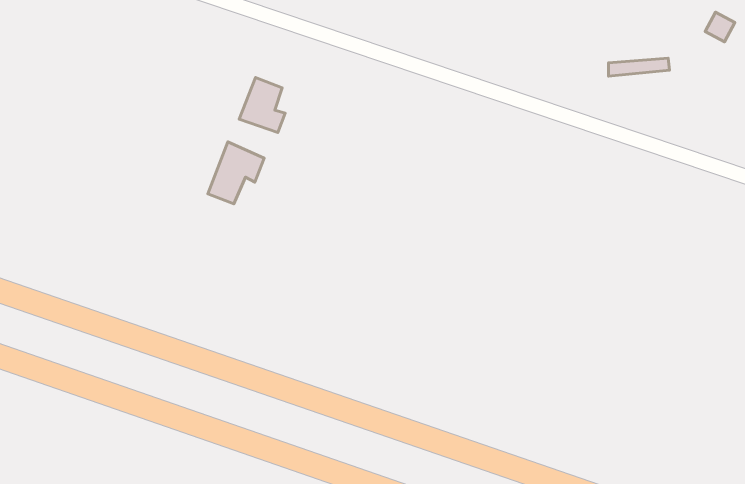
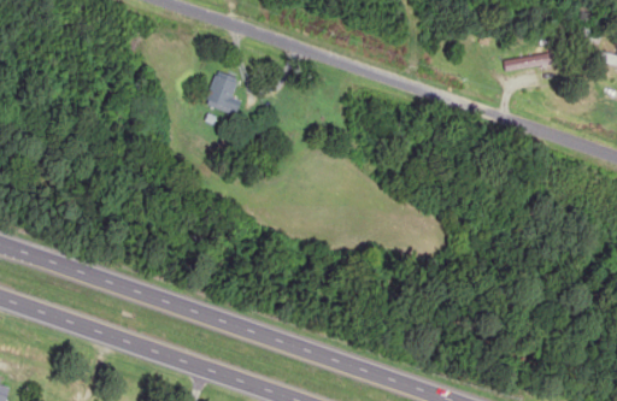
building: [208,142,264,204] -> none

